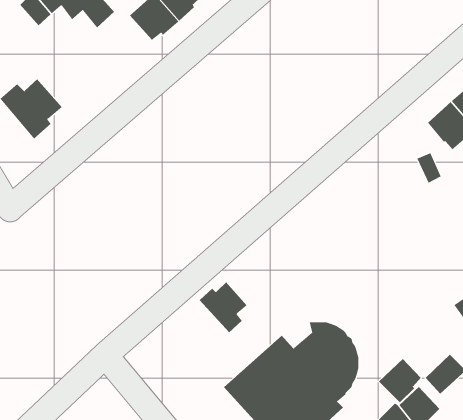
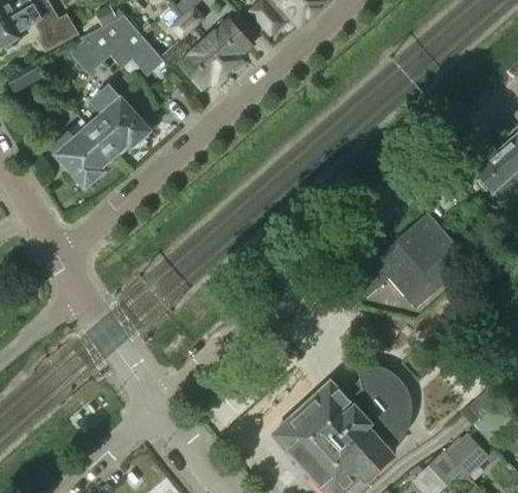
building: none -> [88,85,148,155]
building: none -> [350,212,456,309]
building: [199,282,248,333] -> none
building: [378,358,421,403] -> none

